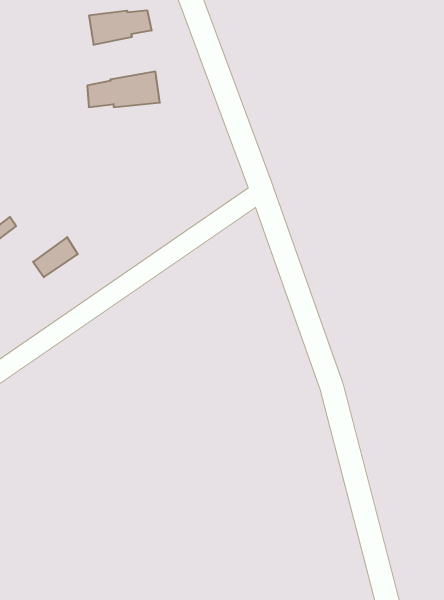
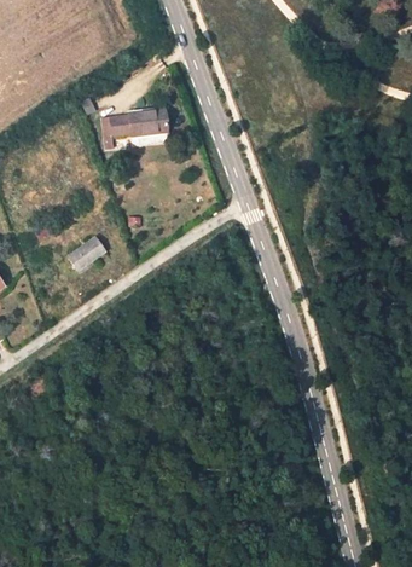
building: [89,10,152,45] -> none

